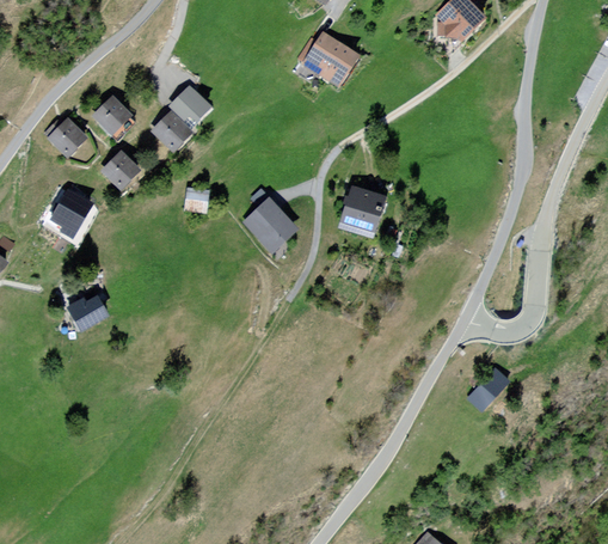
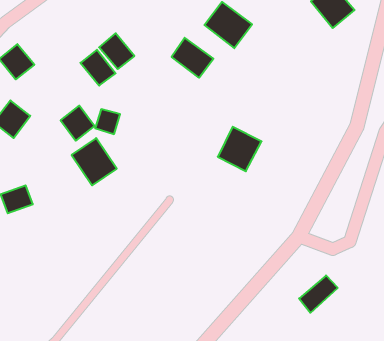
building: none -> [172,38,213,78]
building: [91,93,134,136] -> none
building: [103,149,147,195] -> [61,106,95,141]
building: [237,195,296,256] -> [72,138,117,185]

